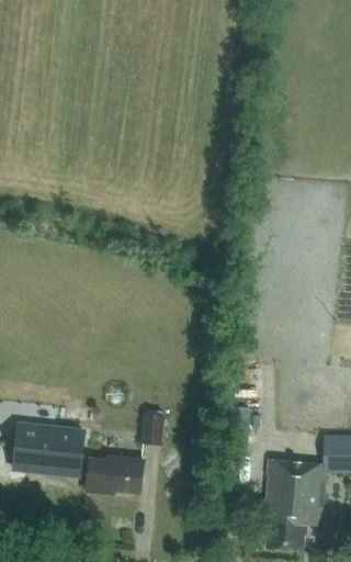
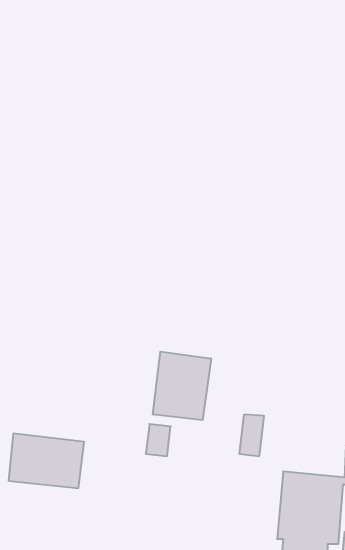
building: none -> [153,352,211,420]
building: [87,458,143,494] -> none

